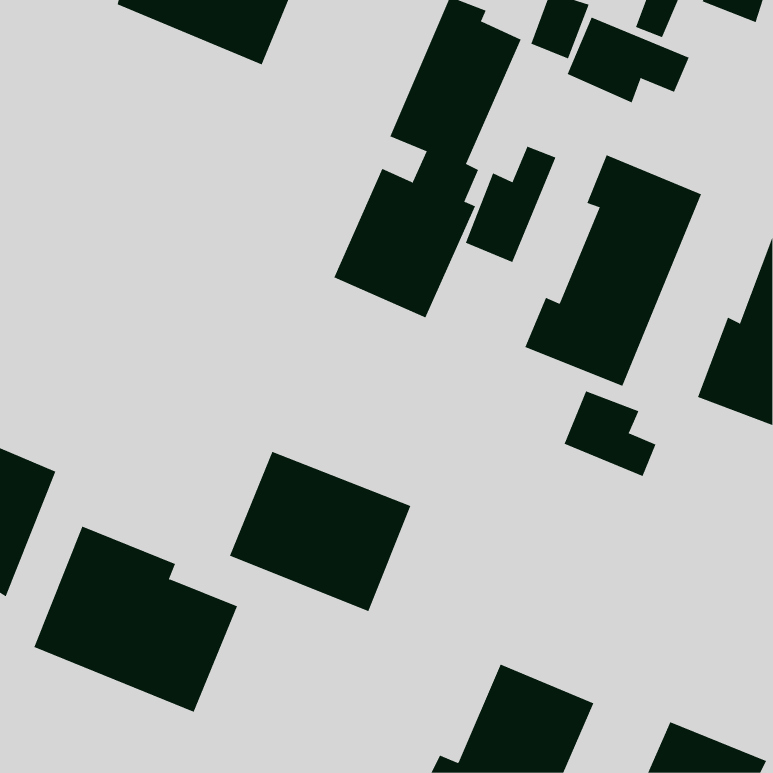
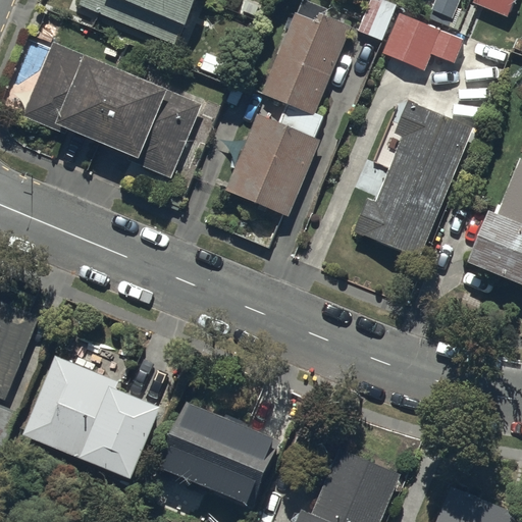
building: none -> [23,41,201,177]
building: [465,146,556,263] -> none
building: [564,390,656,477] -> none
building: [229,451,411,612] -> [152,400,274,508]

